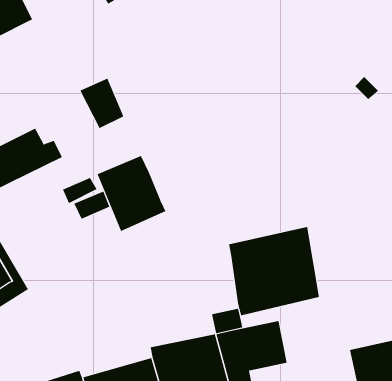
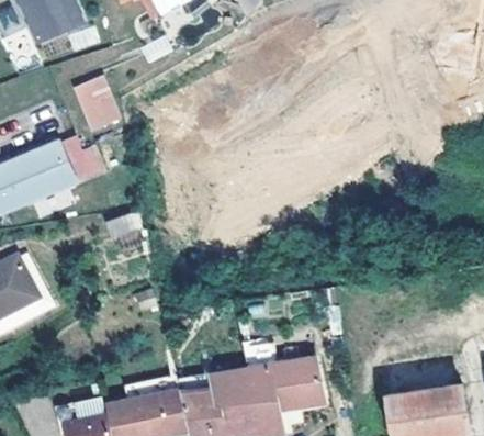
building: [79,78,124,129] -> [71,77,116,130]
building: [97,155,166,232] -> none
building: [229,226,319,316] -> none

